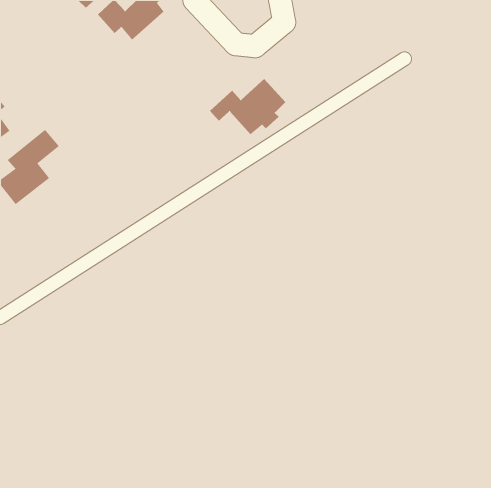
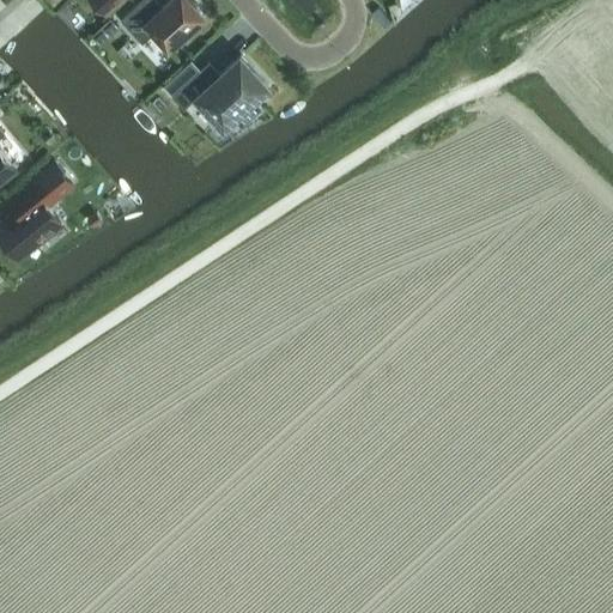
building: [209,78,286,135] -> [174,59,269,129]

